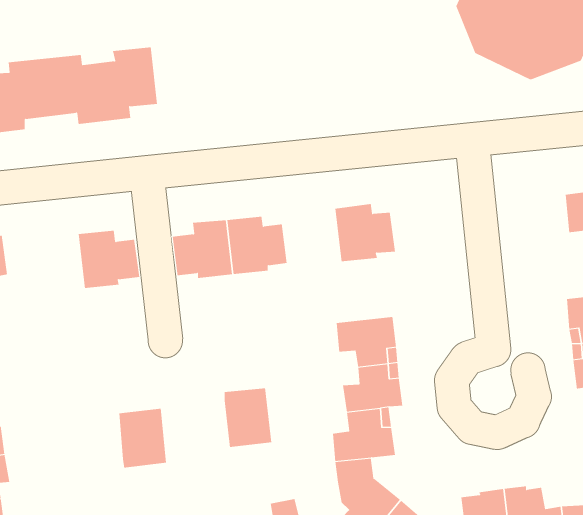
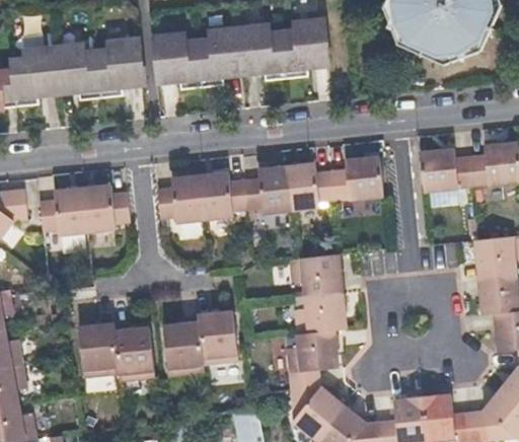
building: none -> [156,20,331,90]
building: none -> [421,148,473,193]
building: none -> [331,158,385,203]
building: none -> [245,168,292,215]
building: none -> [40,189,87,235]
building: none -> [163,321,204,370]
building: none -> [79,323,118,371]

